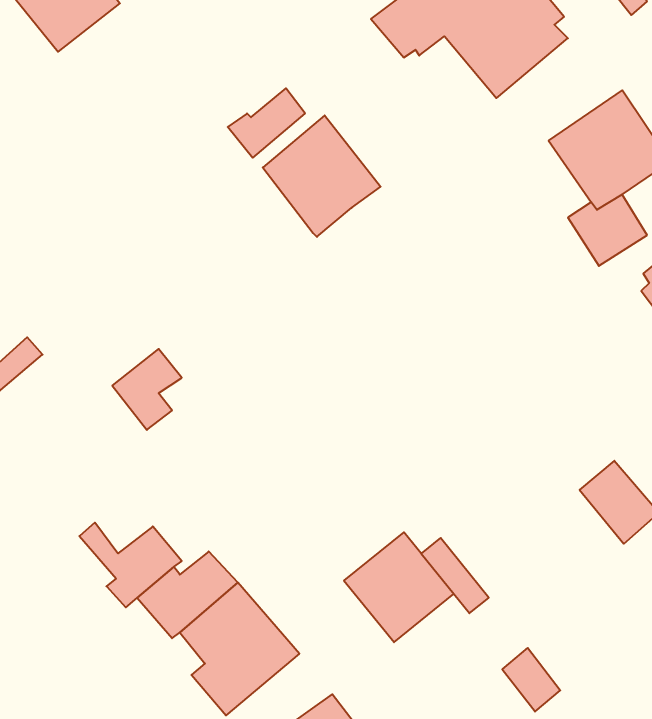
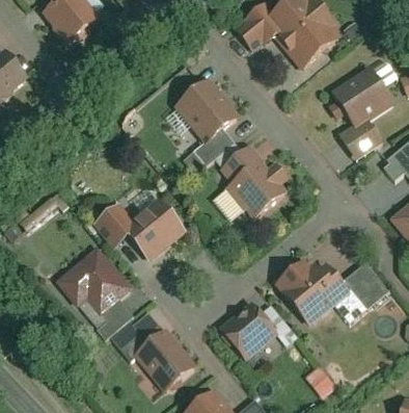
building: [228,88,305,158] -> [192,127,234,164]
building: none -> [223,146,290,216]
building: none -> [119,198,183,260]
building: none -> [52,247,129,313]
building: none -> [274,259,350,326]

